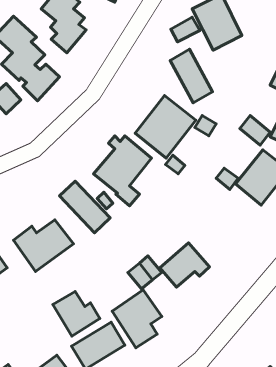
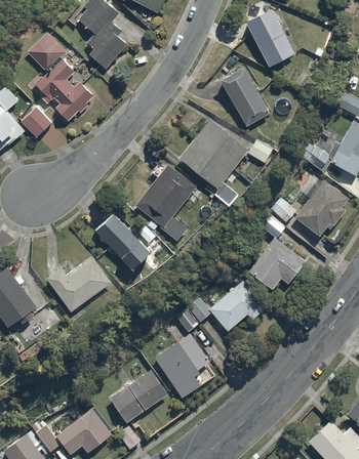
building: [171,17,200,42] -> none
building: none -> [247,212,313,289]
building: [53,292,100,336] -> none

